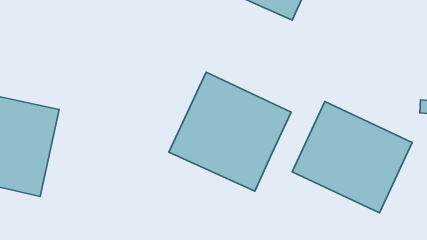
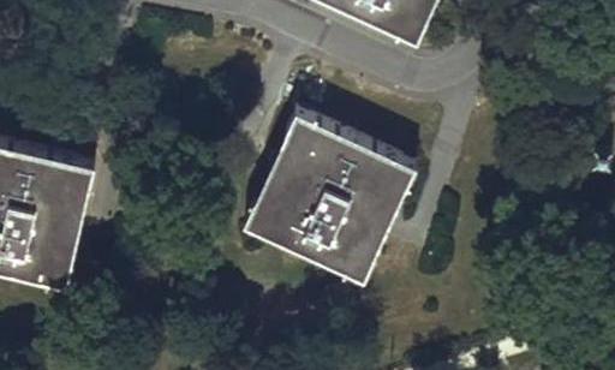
building: [292,102,412,213] -> none

